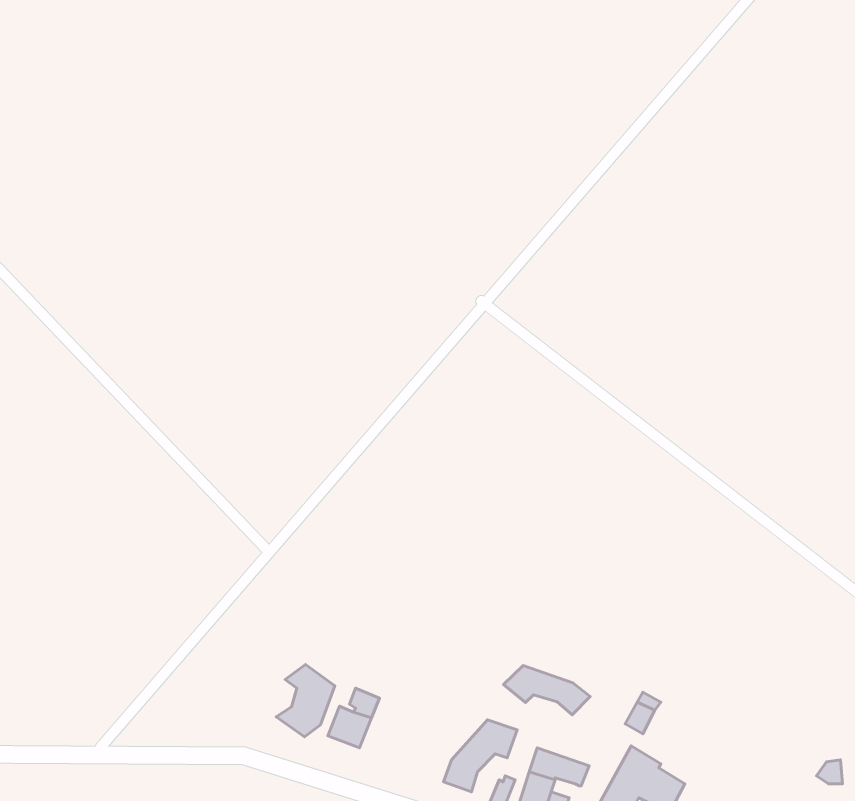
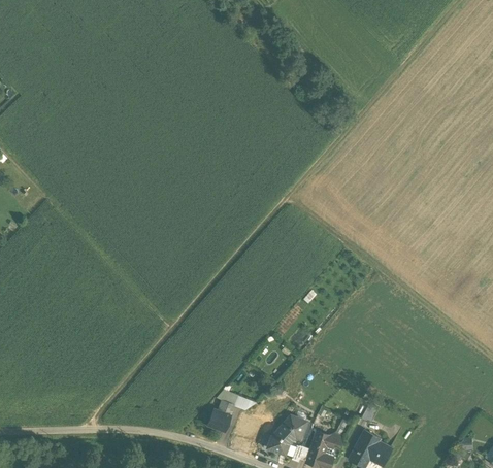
building: [276,664,335,737] -> none
building: [503,666,590,715] -> none

